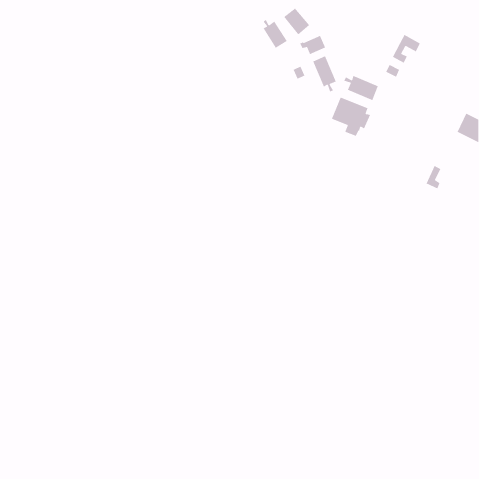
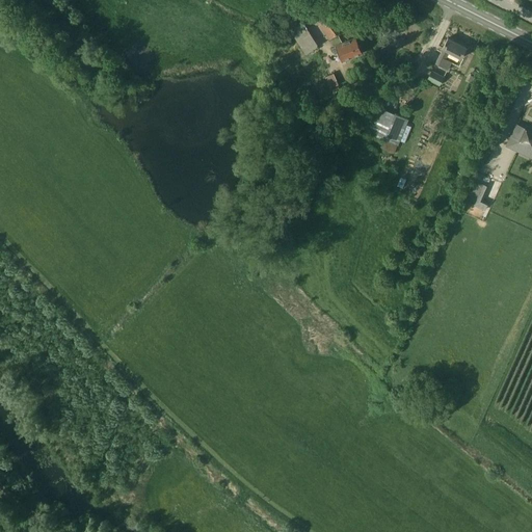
building: [312,55,337,92] -> none
building: [343,75,379,101] -> none

